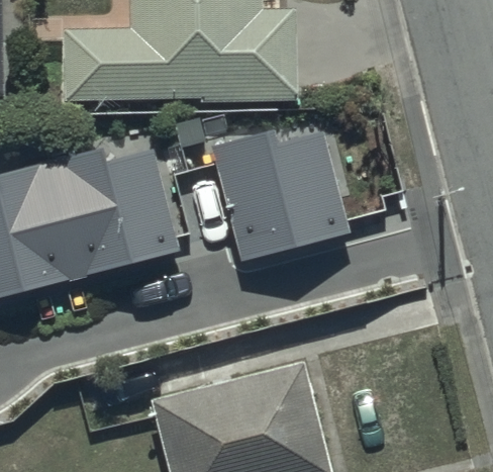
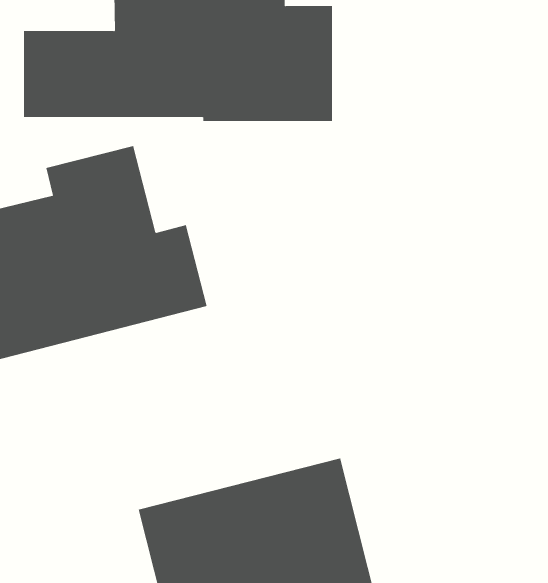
building: [213,124,349,260] -> none

